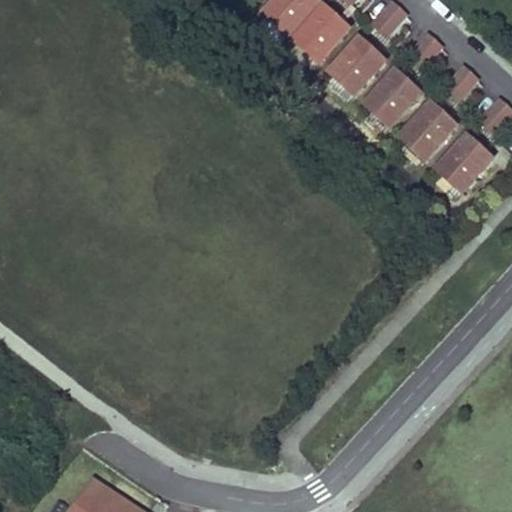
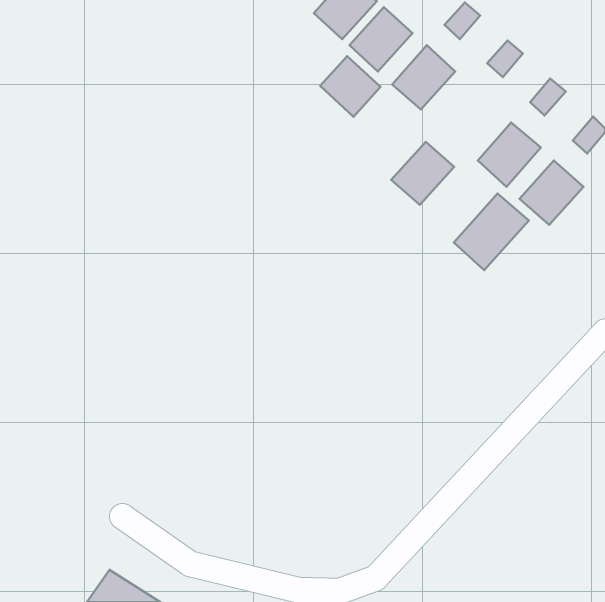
building: none -> [320,56,381,117]
building: [366,71,419,124] -> [391,142,454,205]
building: none -> [454,193,529,270]

